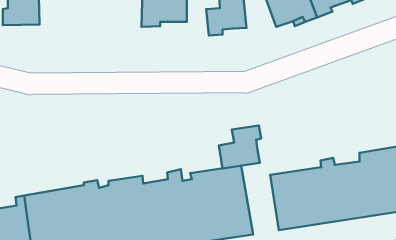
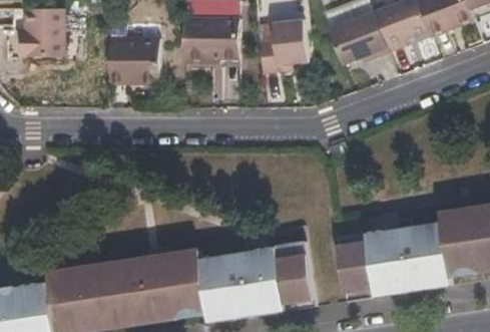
building: none -> [108,37,160,83]
building: [219,125,261,168] -> none

